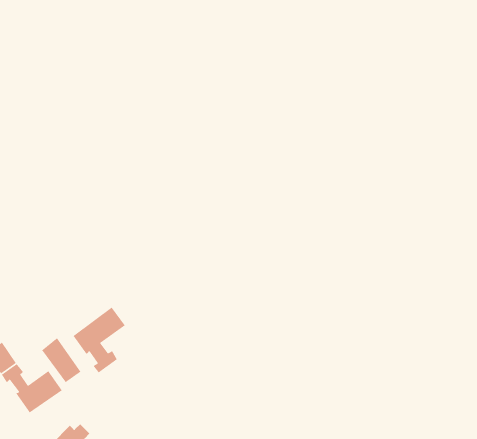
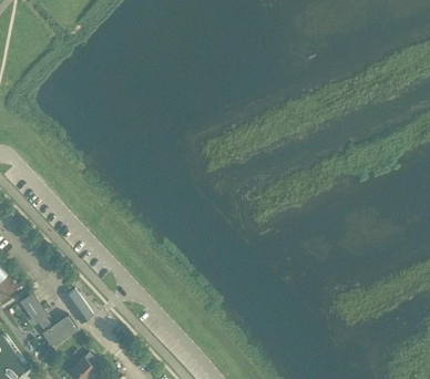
building: [72,306,126,373] -> none

